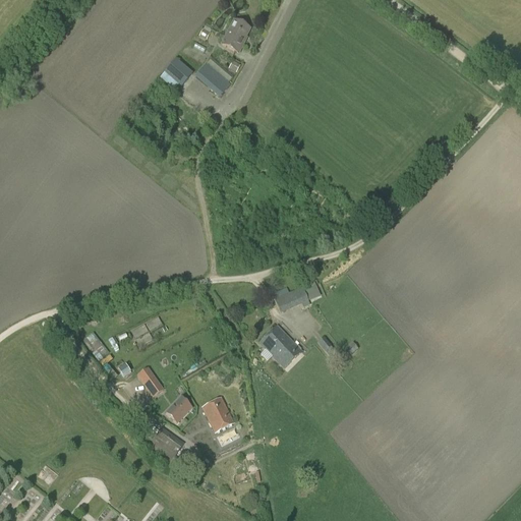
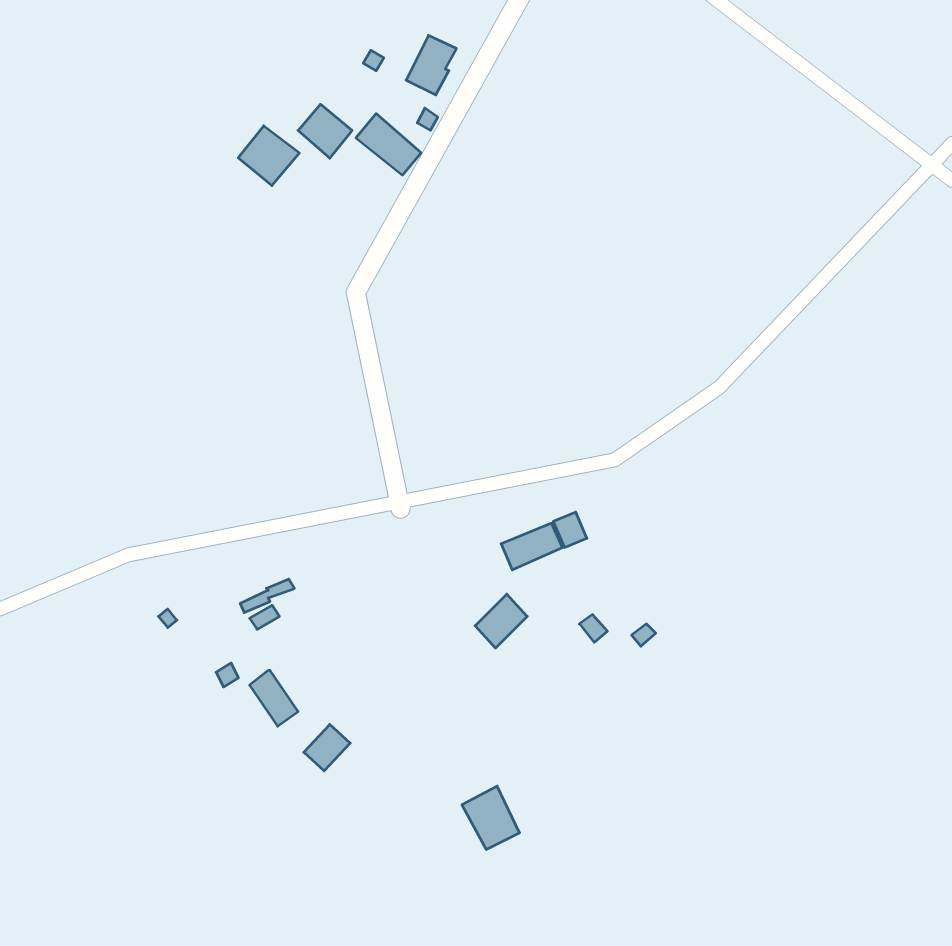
building: none -> [238,126,299,186]
building: [271,337,301,367] -> none
building: [201,397,233,431] -> [462,786,520,849]
building: [152,427,183,456] -> none

